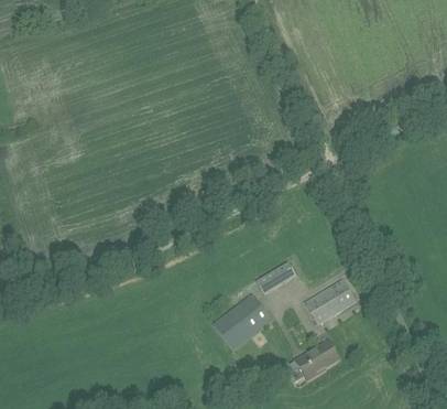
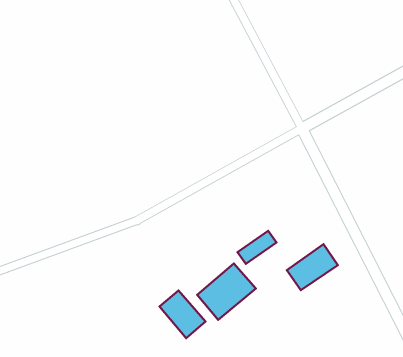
building: none -> [159,291,206,338]
building: [296,341,339,378] -> none

